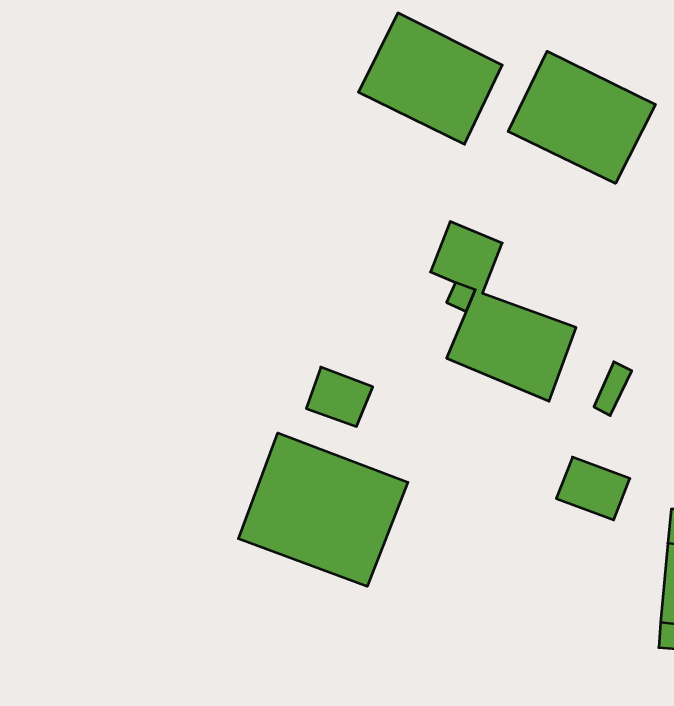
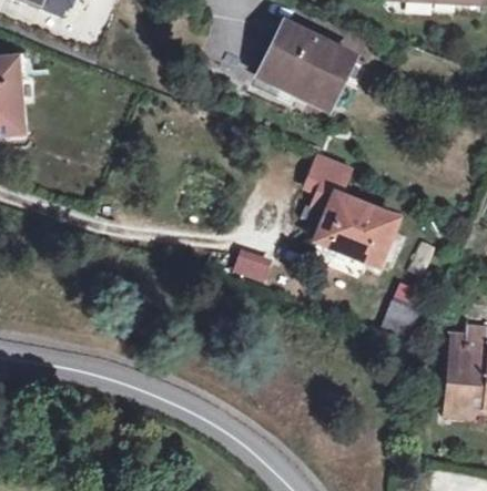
building: [508,51,655,183] -> none
building: [238,433,408,586] -> none

